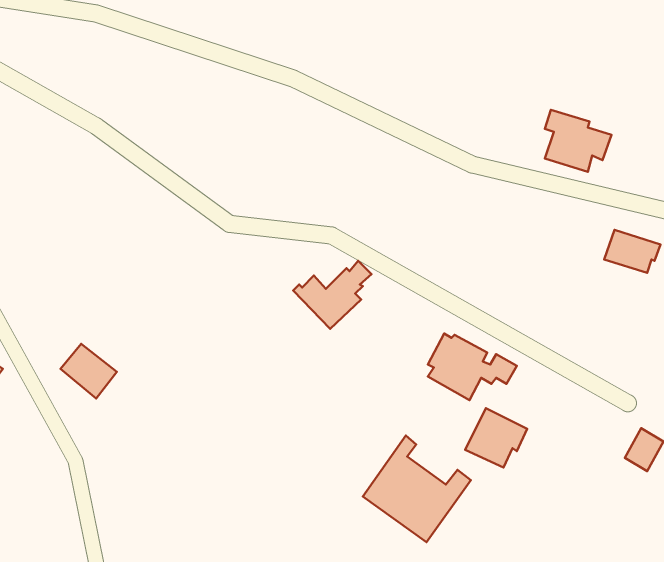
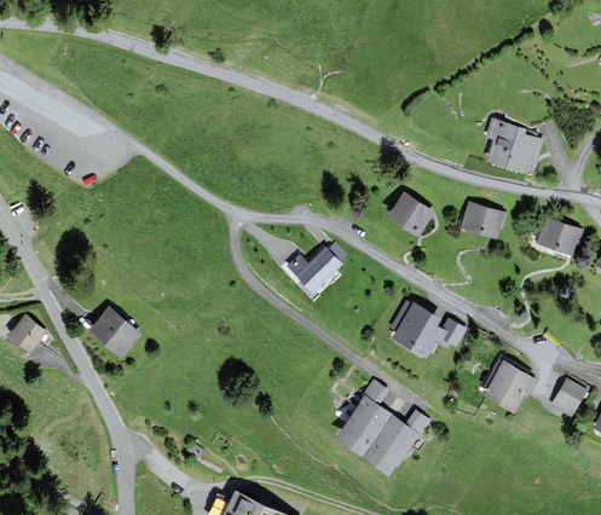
building: none -> [388,193,432,235]
building: none -> [462,203,505,236]
building: [465,408,527,467] -> [482,360,533,409]

